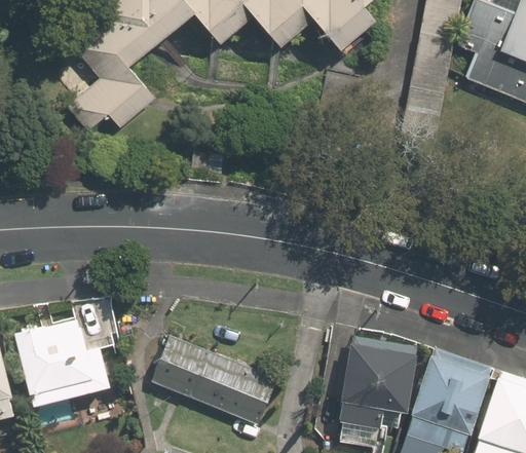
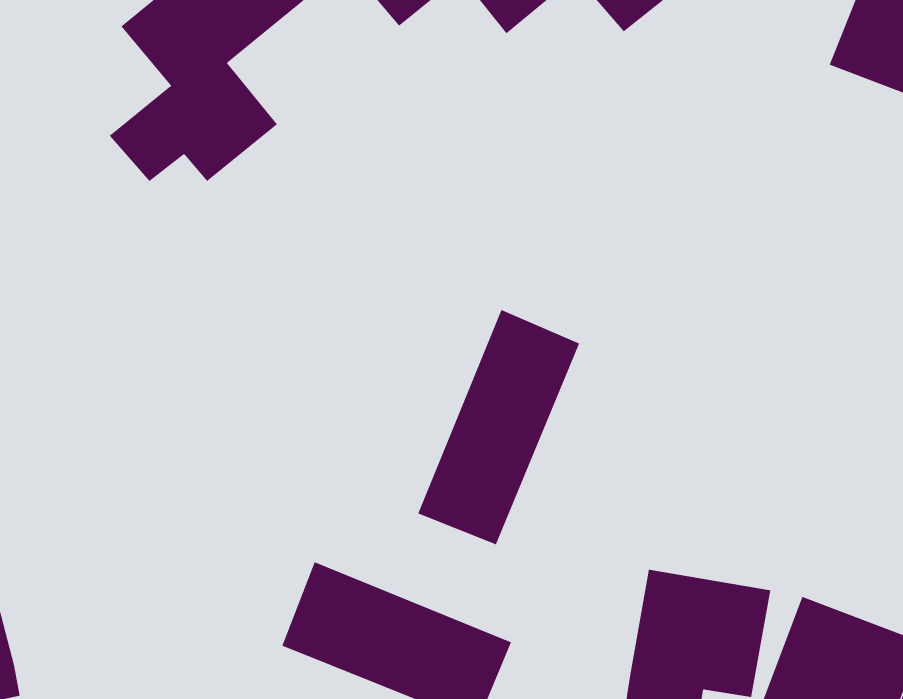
building: none -> [418,309,580,545]
building: [20,319,108,406] -> none

